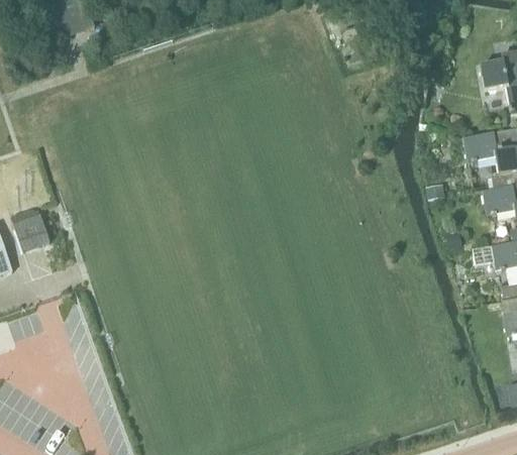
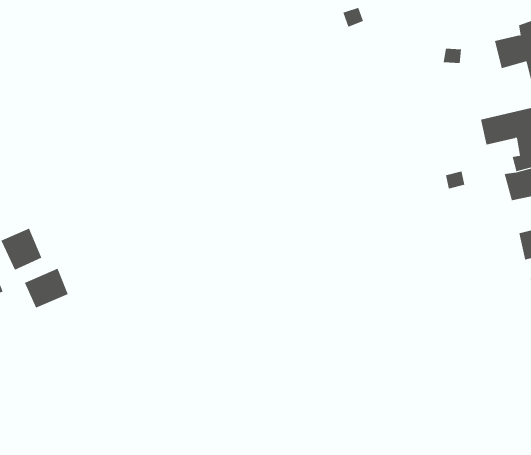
building: none -> [24,268,69,308]

